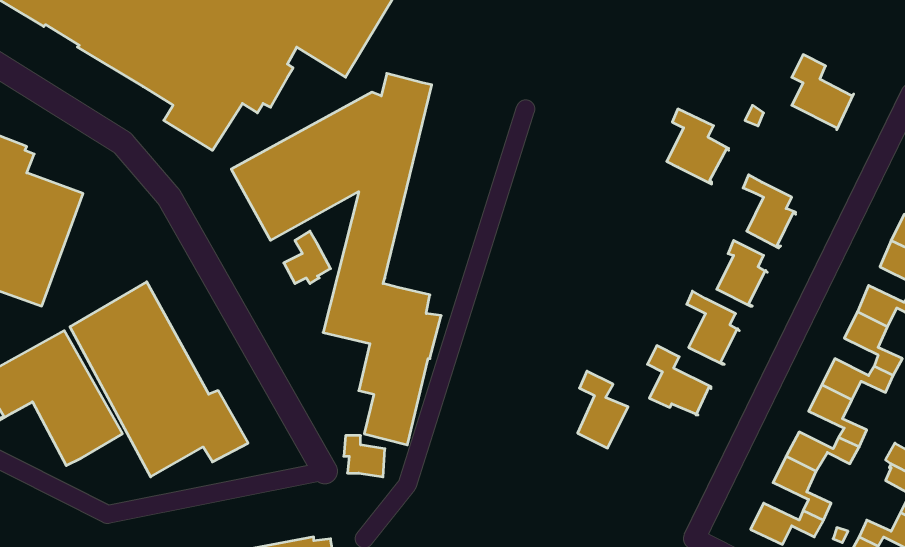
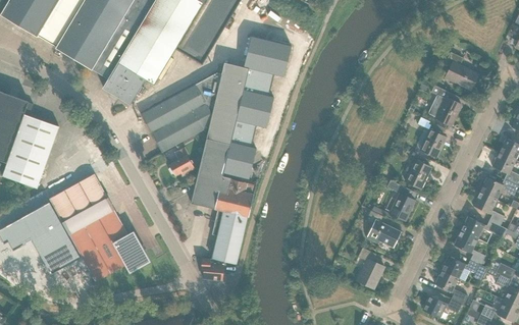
building: none -> [223,38,291,178]
building: [667,109,729,184] -> [428,86,462,126]
building: [578,371,628,448] -> [357,248,384,289]

